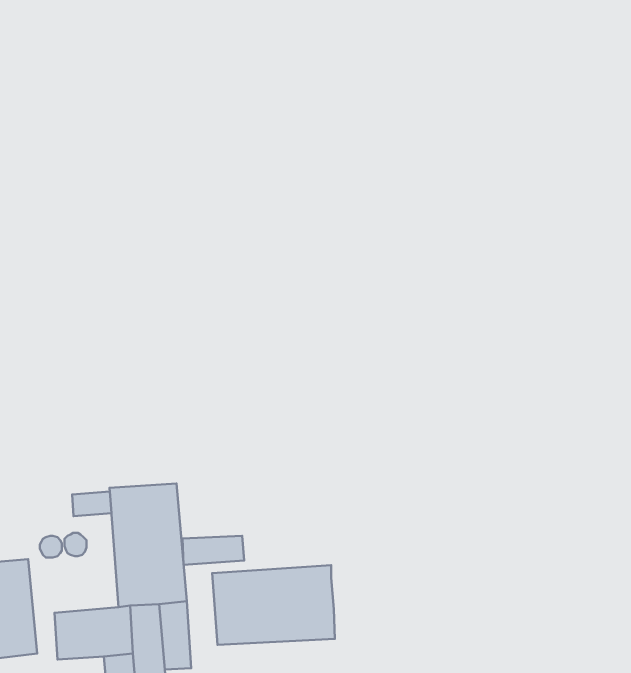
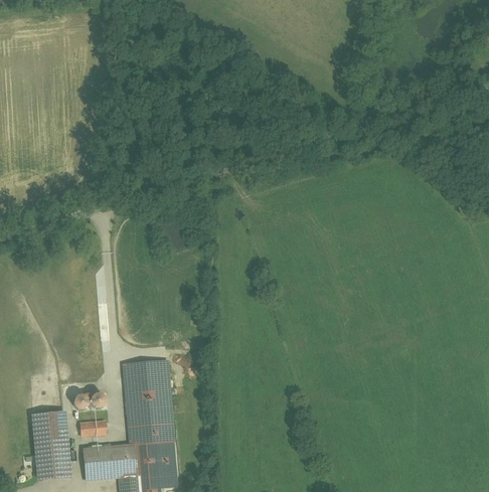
building: [72,492,111,516] -> [79,421,107,438]
building: [183,536,244,565] -> none
building: [212,565,335,645] -> none

